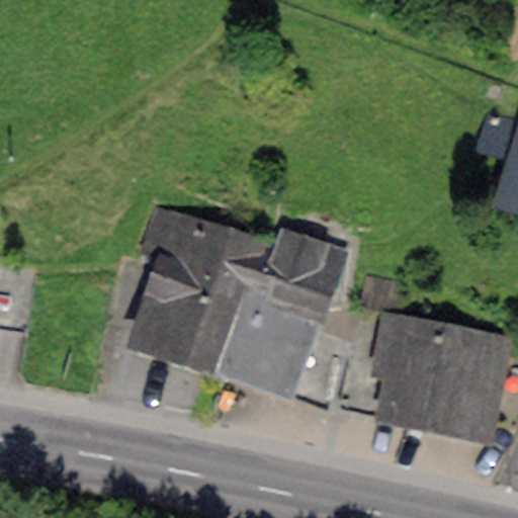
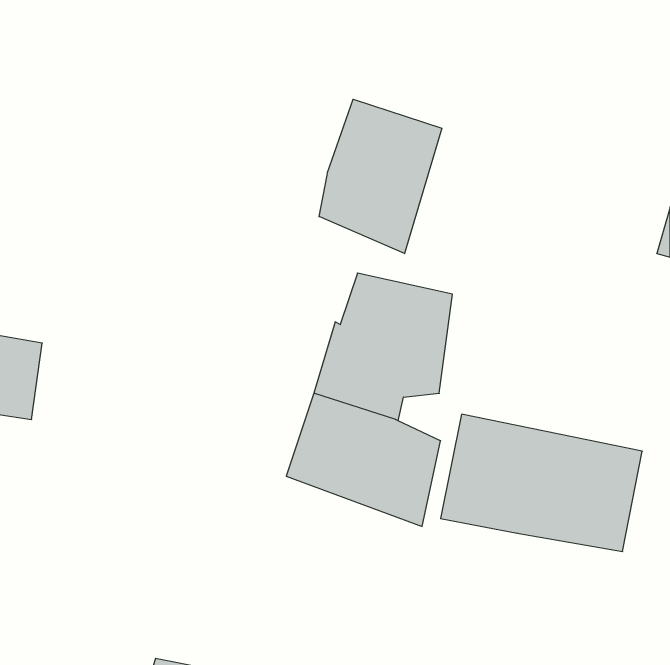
building: none -> [319,99,442,254]
building: [133,220,257,372] -> none

